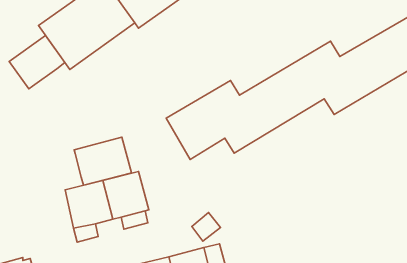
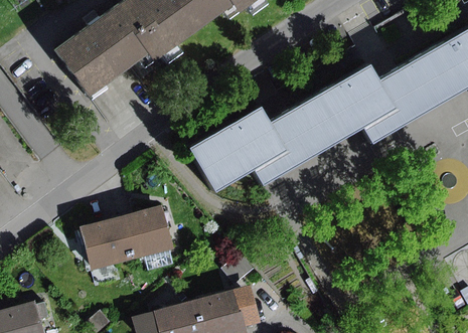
building: [9,35,65,89] -> none
building: [74,137,131,185] -> none

